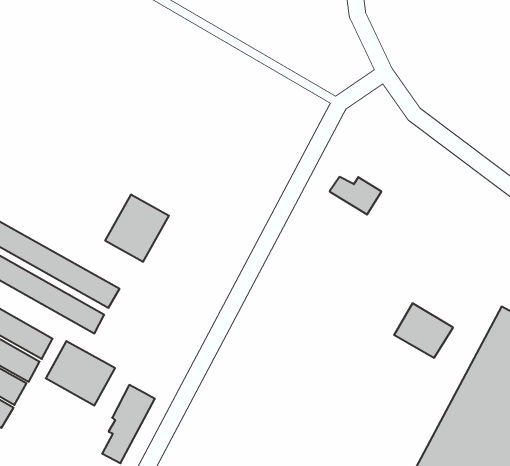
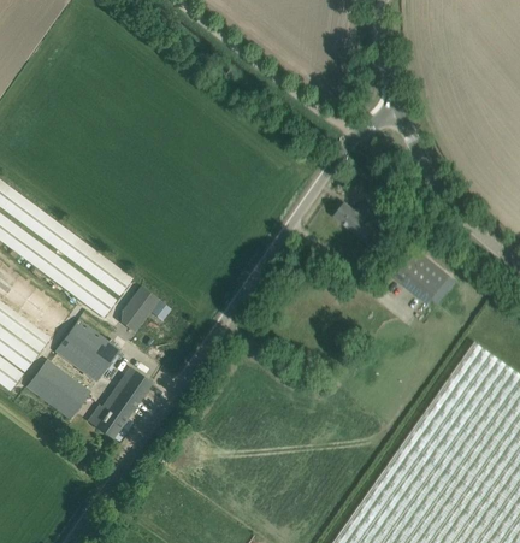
building: [105,194,169,262] -> none
building: none -> [120,287,159,334]
building: [394,303,453,358] -> [395,252,449,303]
building: none -> [25,359,91,420]

